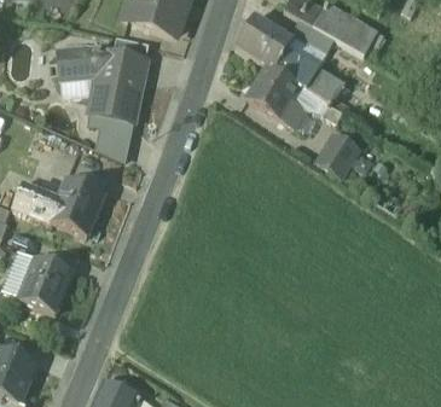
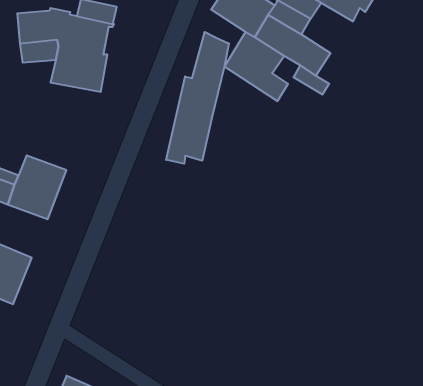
building: none -> [166,32,229,164]
building: [86,111,134,161] -> none
building: [317,138,358,178] -> none

